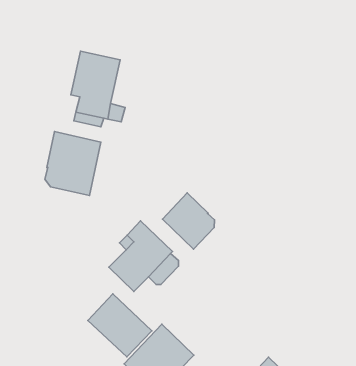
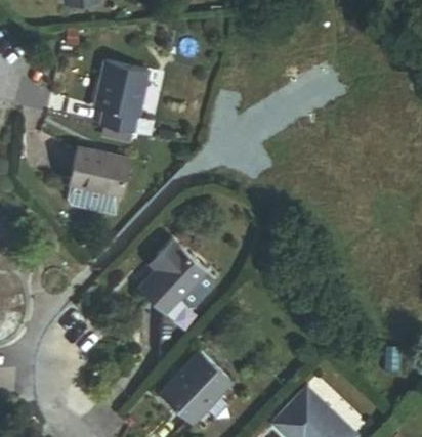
building: [162,193,214,249] -> none
building: [88,294,152,357] -> none

